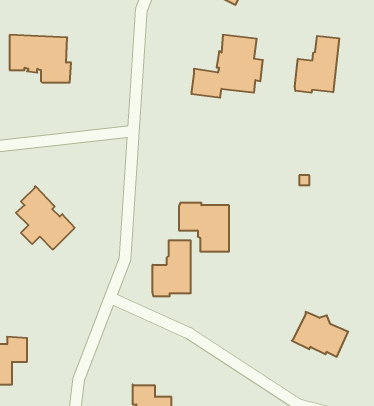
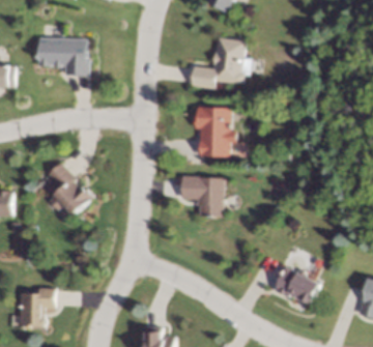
building: [295,36,339,93] -> none
building: none -> [194,107,235,156]
building: [153,240,191,296] -> none

